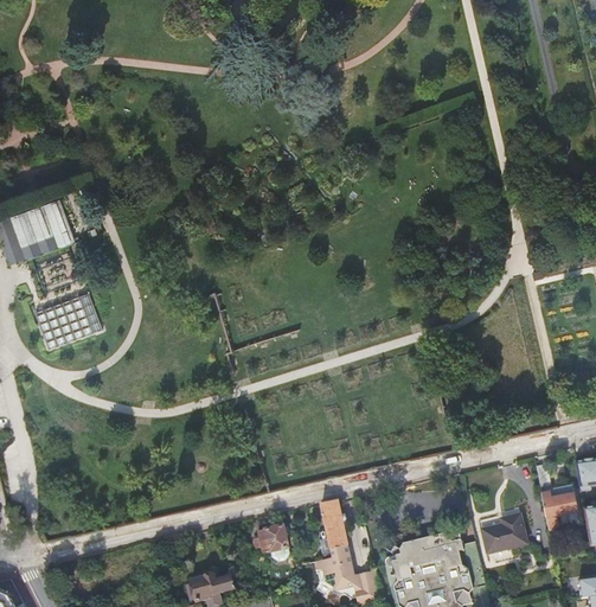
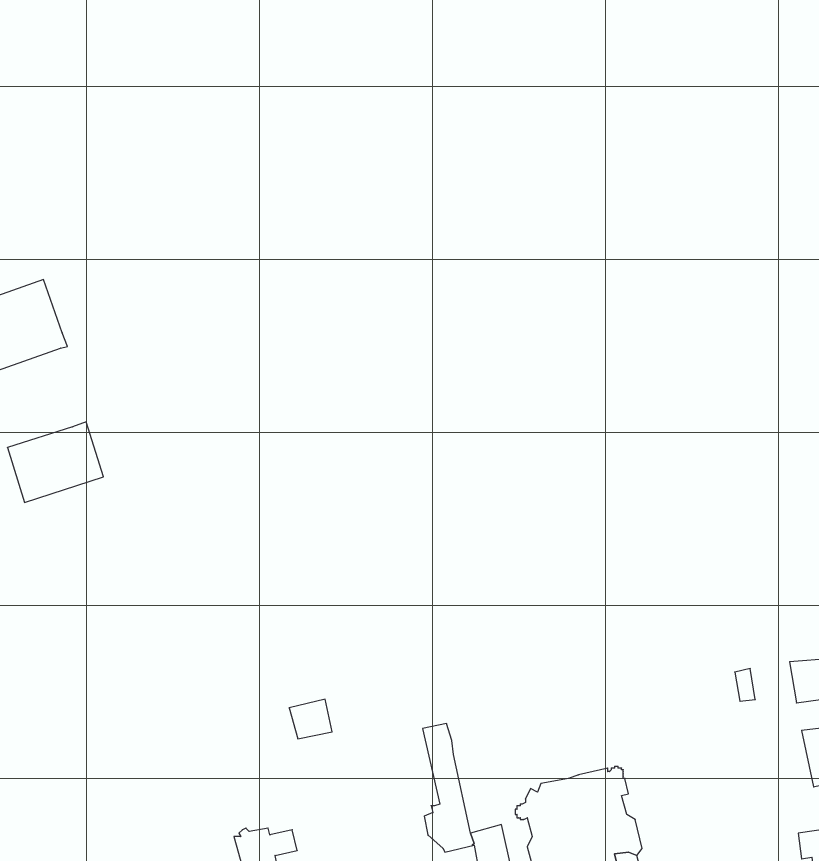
building: [541,492,588,536] -> none
building: [481,515,527,552] -> none
building: [258,525,288,552] -> [289,699,332,739]

